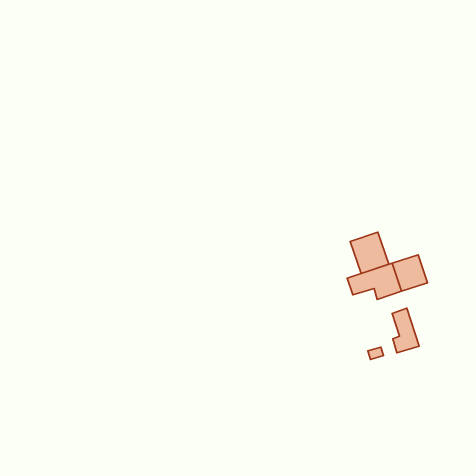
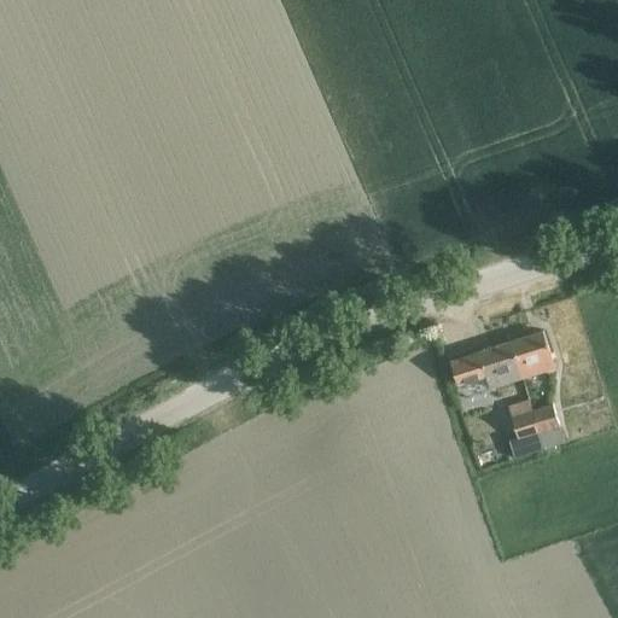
building: [350,232,389,273] -> none
building: none -> [526,400,562,449]

